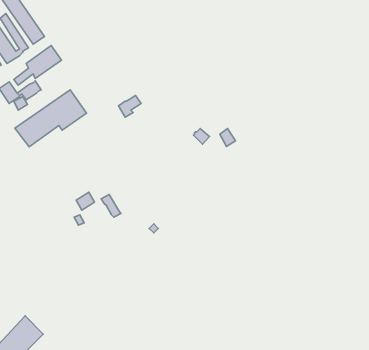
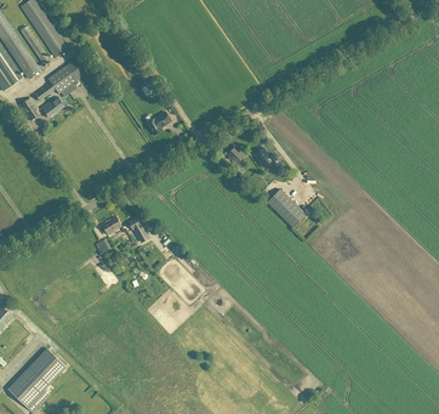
building: [15,90,87,147] -> none
building: none -> [266,188,304,227]

